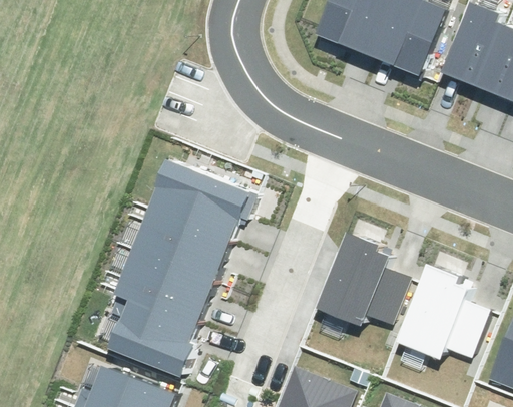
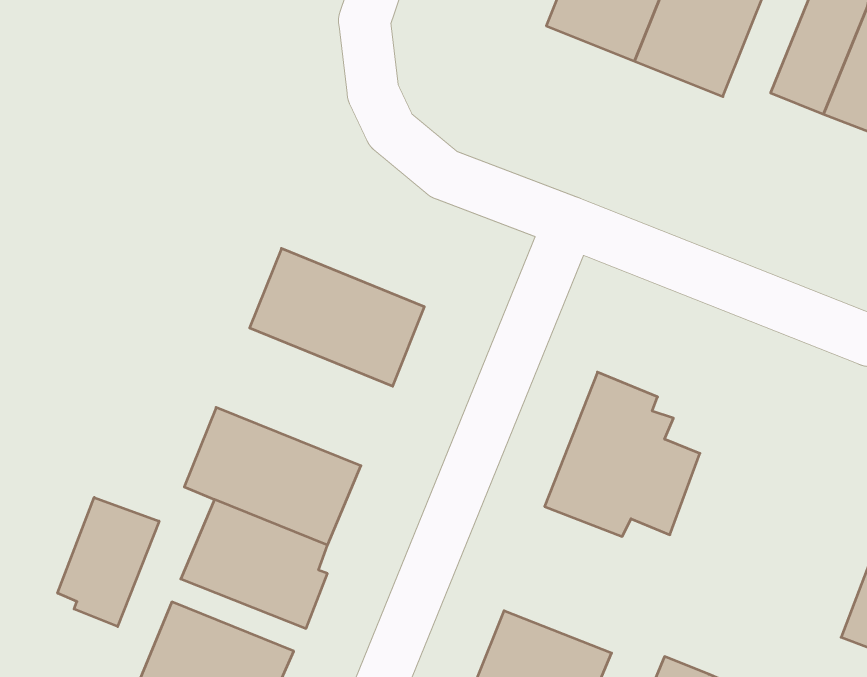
building: [130,206,230,284] -> none
building: [401,266,489,359] -> none
building: none -> [58,497,159,627]

